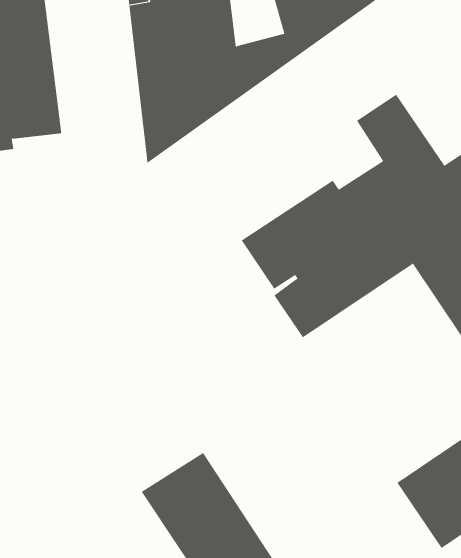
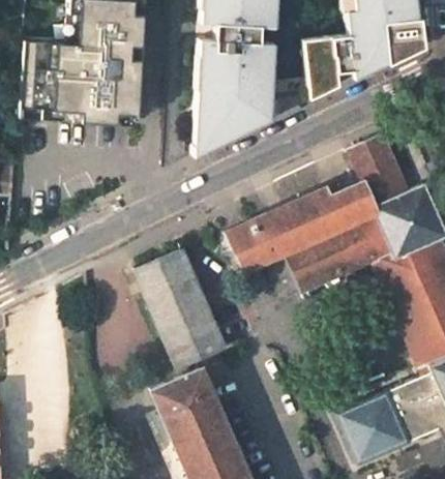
building: none -> [228,219,271,270]
building: none -> [136,249,227,366]

